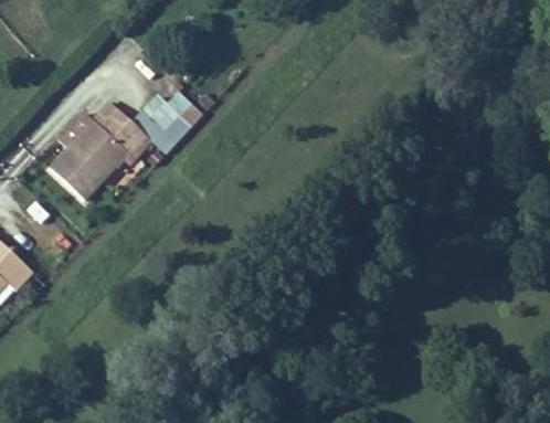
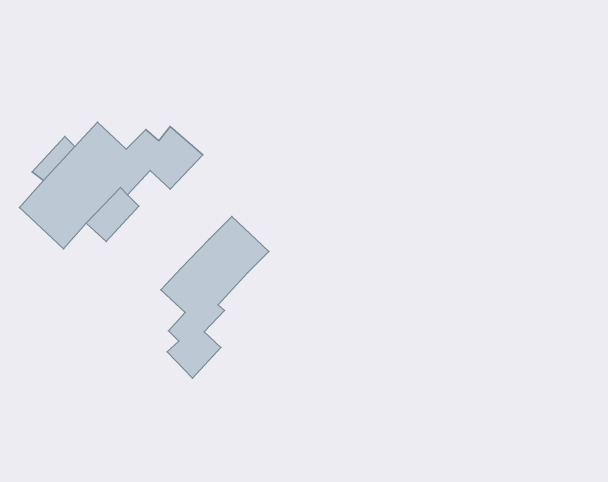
building: none -> [161,216,269,378]

